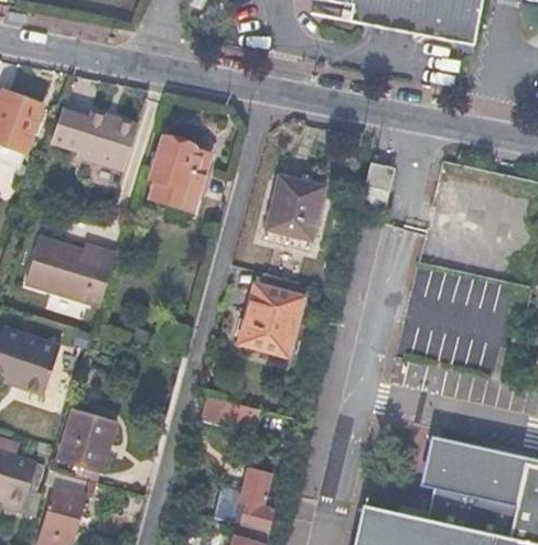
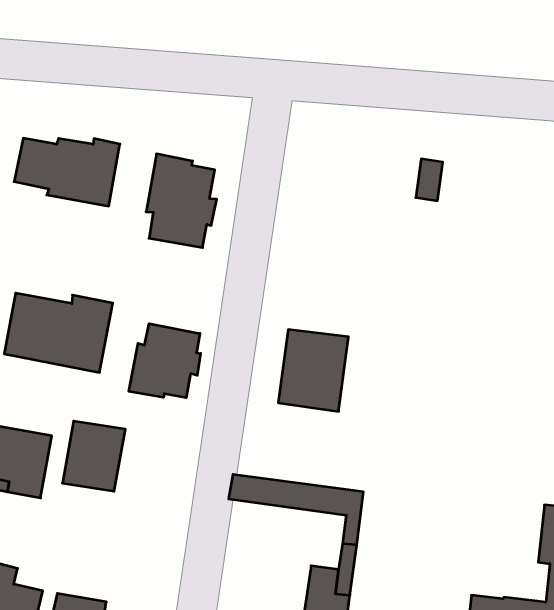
building: [265,176,323,238] -> none
building: none -> [129,324,201,398]
building: [58,411,112,469] -> [62,421,125,491]

